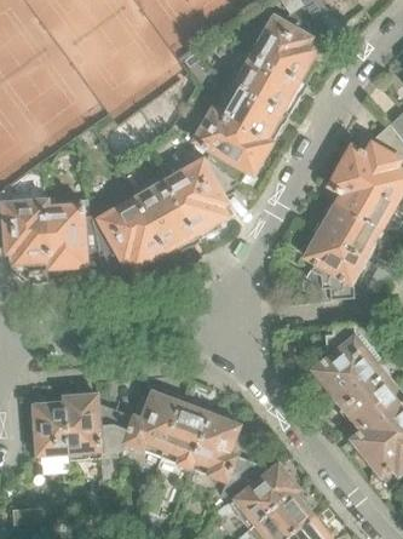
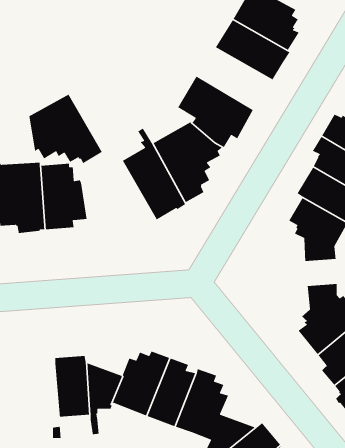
building: [209,79,288,144] -> none
building: [92,195,168,268] -> [29,93,103,164]
building: [27,403,69,461] -> none

